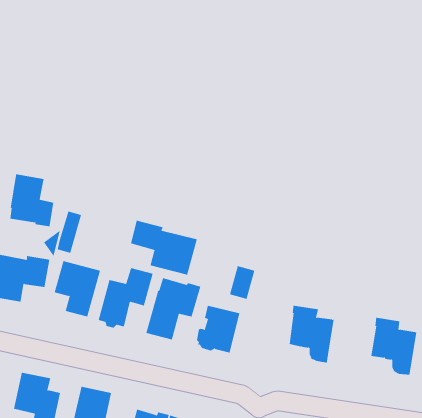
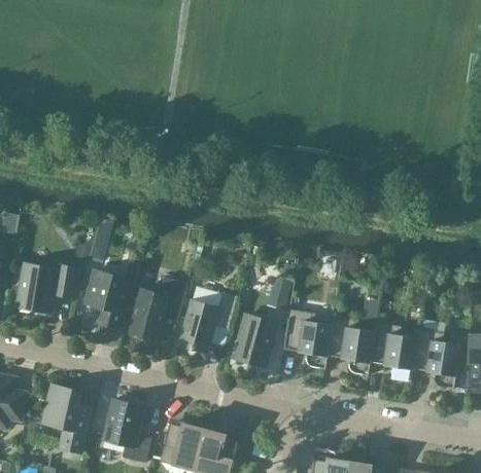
building: [10,173,54,227] -> none
building: [130,220,197,276] -> none
building: none -> [282,308,331,368]
building: none -> [369,322,416,381]

